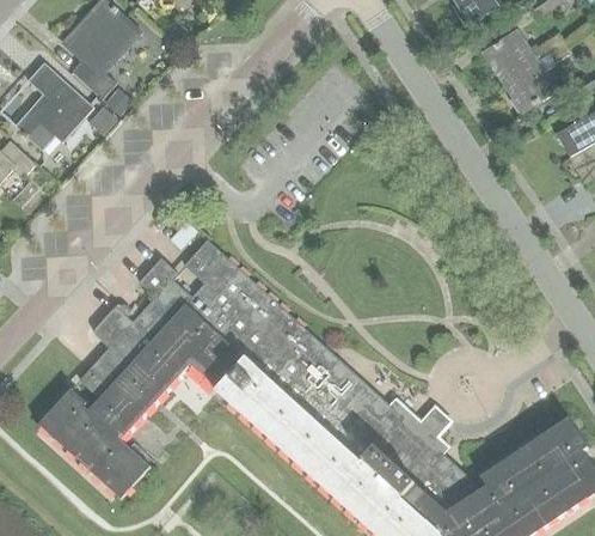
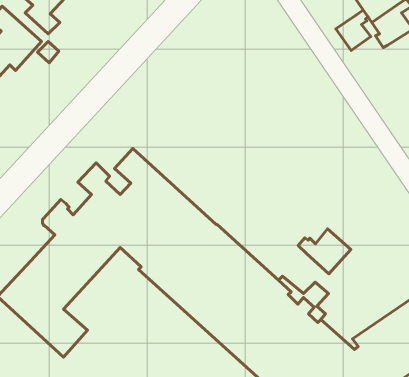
building: none -> [336,10,371,51]
building: none -> [298,229,351,274]

